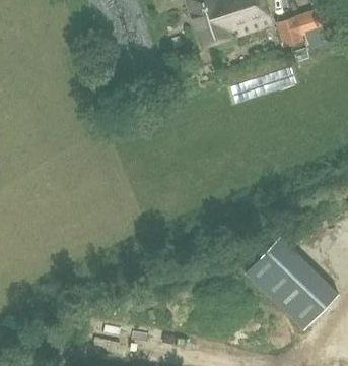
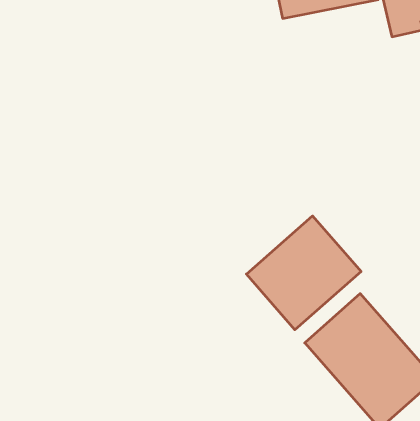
building: none -> [246,216,361,330]

